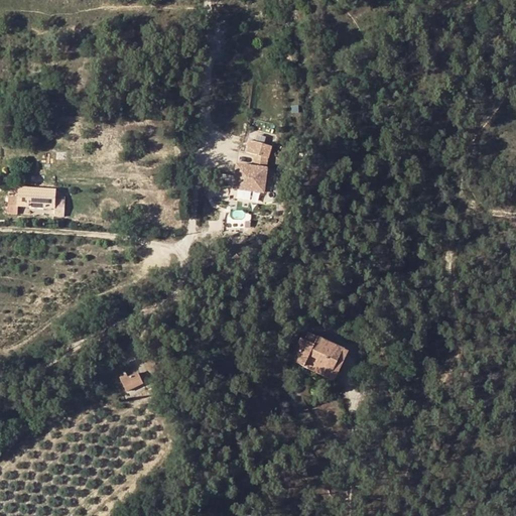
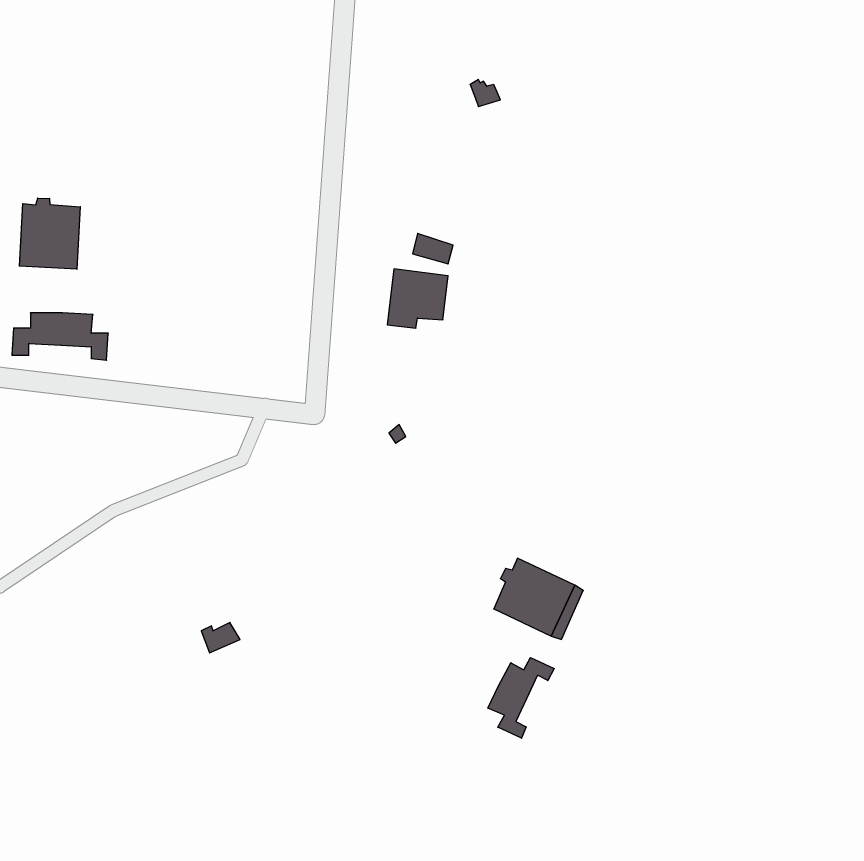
building: none -> [19,198,80,269]
building: none -> [488,658,554,738]

